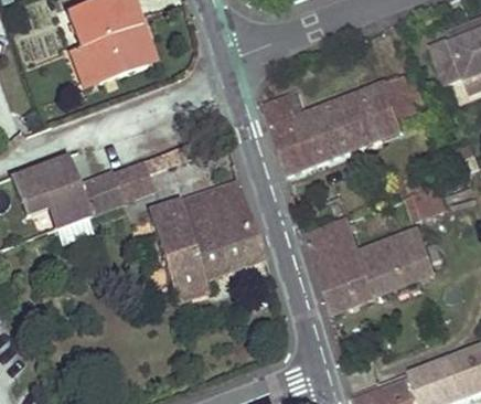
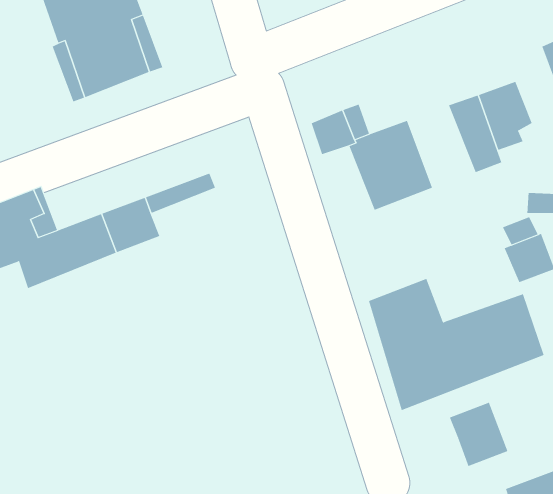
building: [335,91,385,151] -> none
building: [272,120,311,176] -> none
building: [149,181,265,300] -> none
building: none -> [449,402,508,467]

